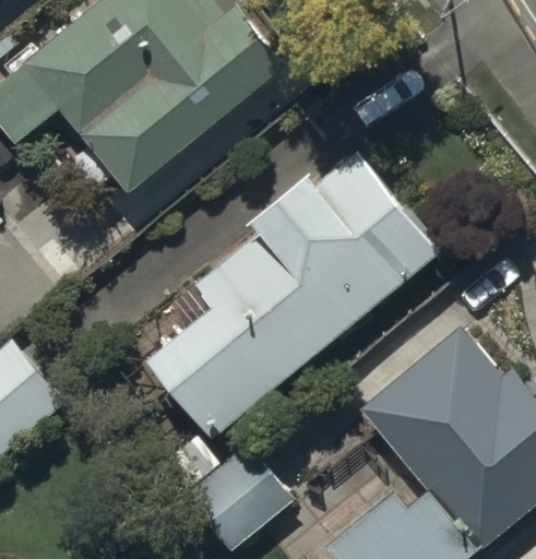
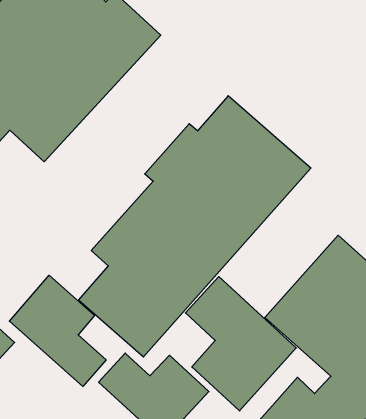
building: none -> [9,275,106,386]
building: none -> [185,277,296,411]

